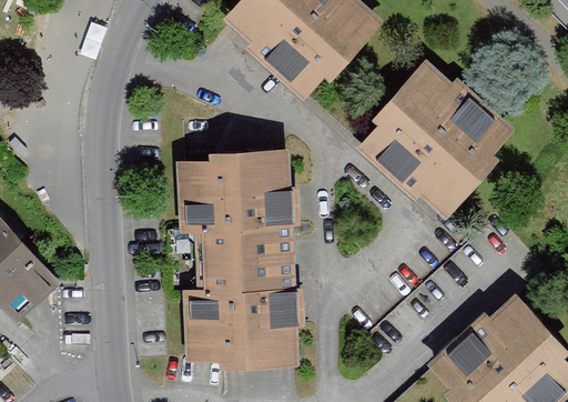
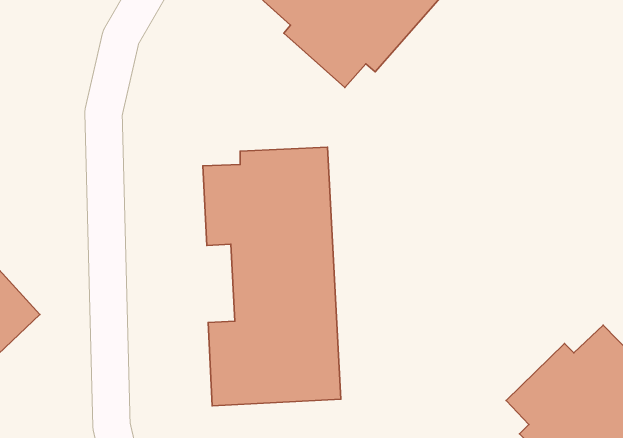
building: [355,61,508,218] -> none

